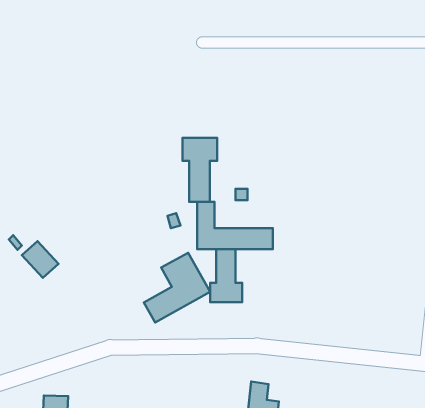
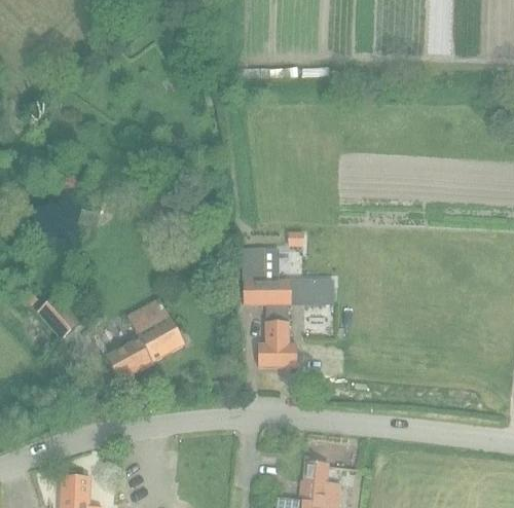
building: [183,138,217,202] -> none
building: [144,253,210,322] -> [106,298,184,380]

